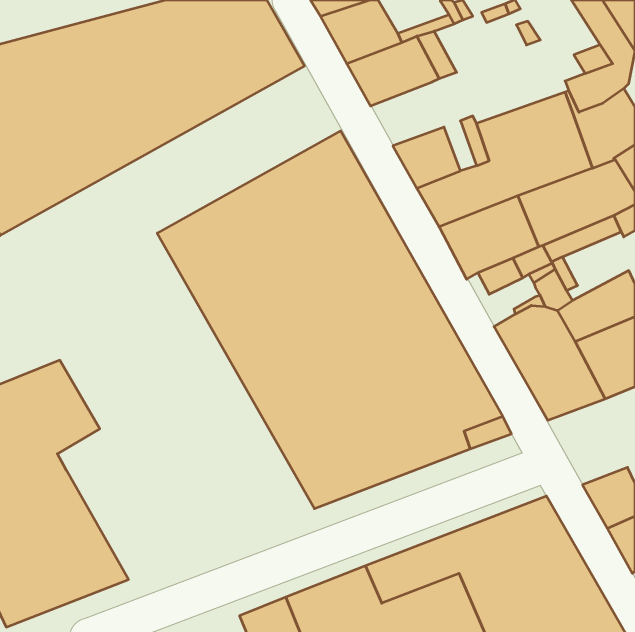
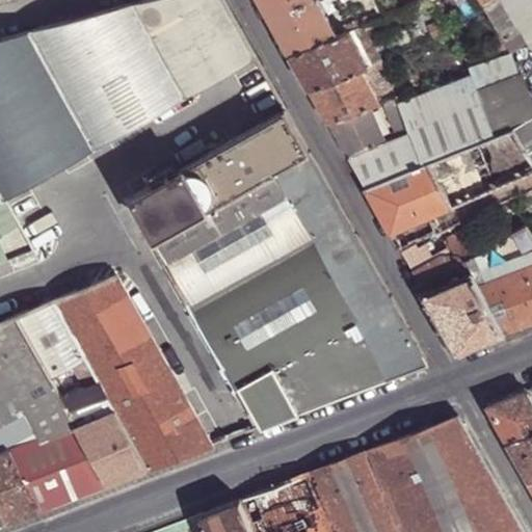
building: none -> [309,73,378,126]
building: none -> [50,280,209,487]

